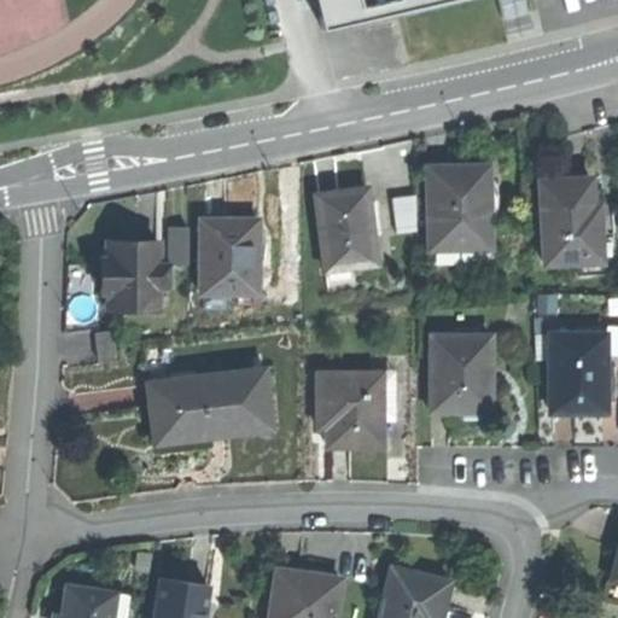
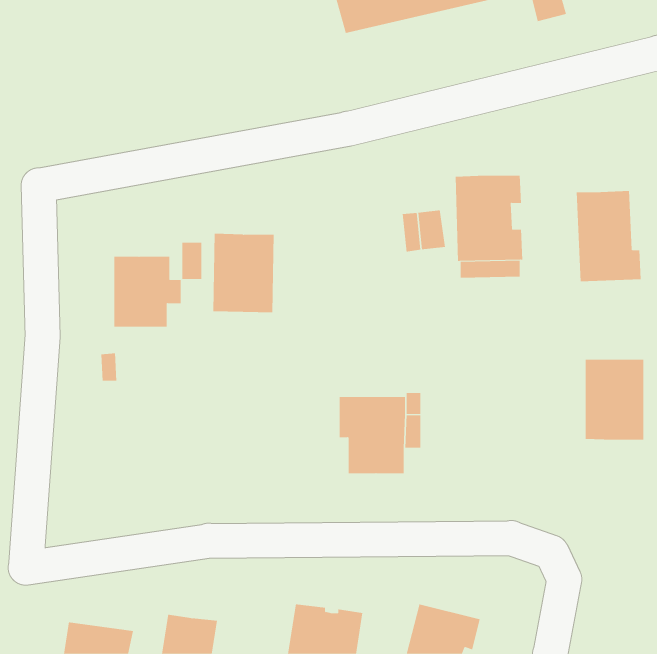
building: [316,190,375,267] -> none
building: [431,336,491,412] -> none
building: [148,368,269,435] -> none

